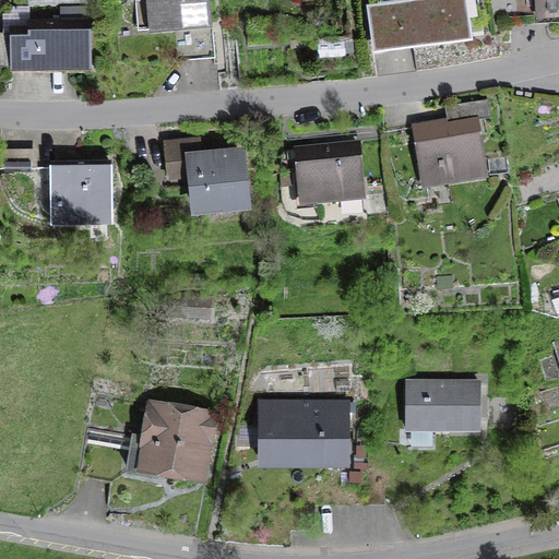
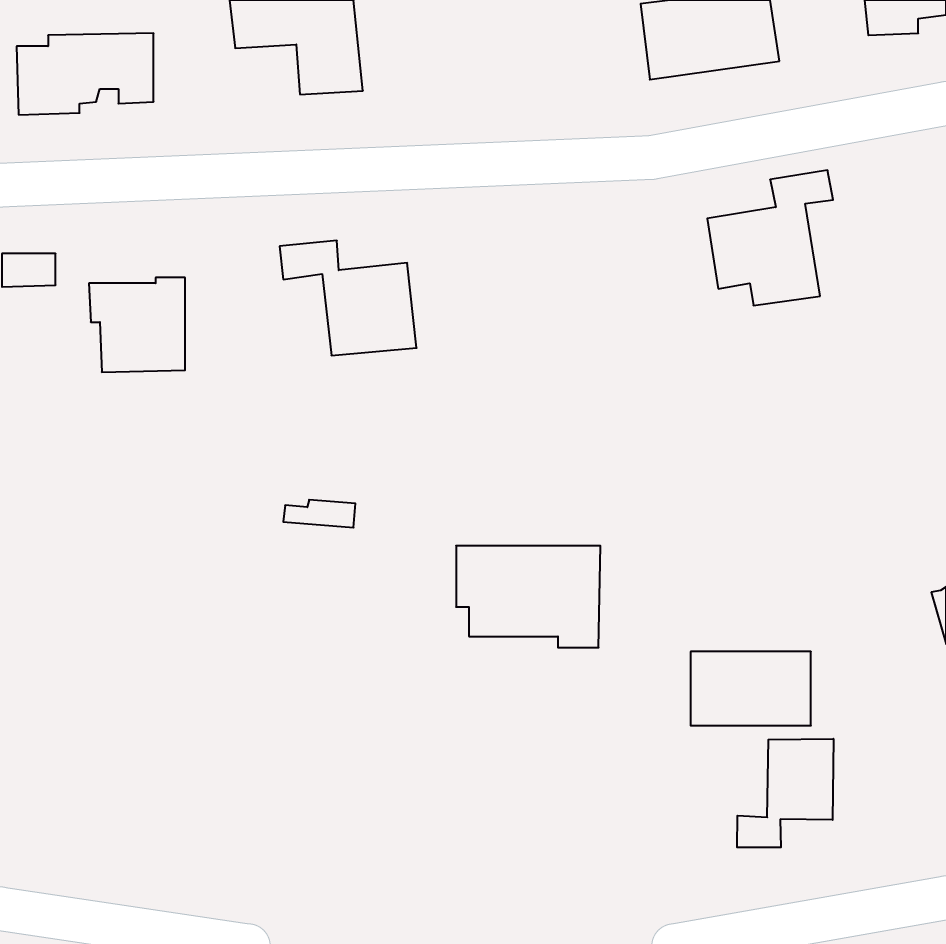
building: [298,145,362,204] -> none
building: [262,405,347,465] -> [456,546,600,648]
building: [129,412,209,476] -> none
building: none -> [737,739,833,847]

